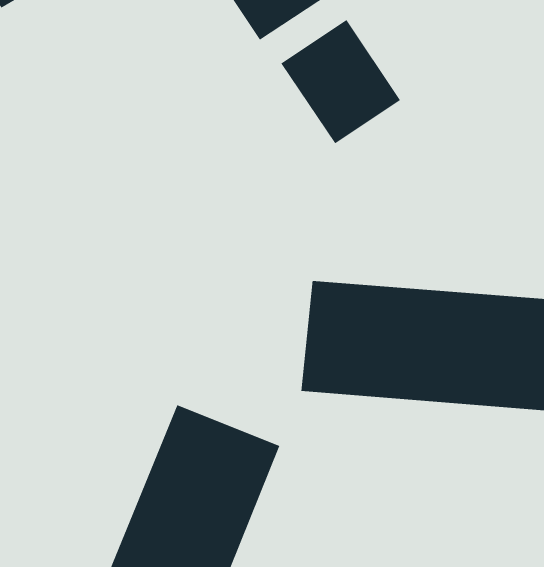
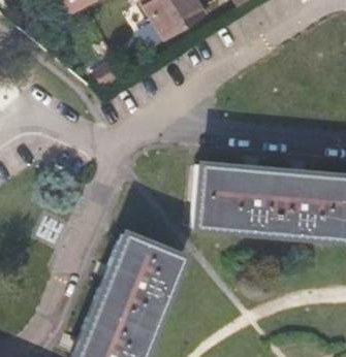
building: [281,19,401,144] -> none

